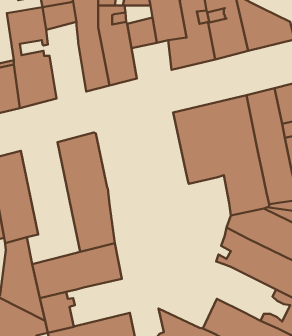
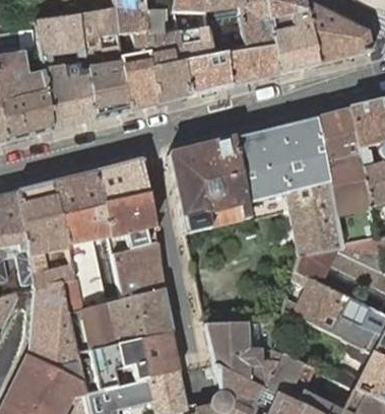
building: none -> [183,52,230,96]
building: none -> [87,62,130,120]
building: none -> [169,136,249,233]
building: none -> [54,170,110,313]
building: none -> [205,321,282,388]
building: none -> [119,330,181,380]

